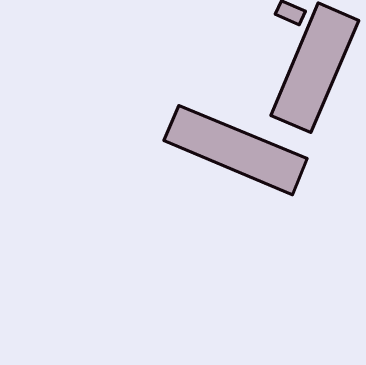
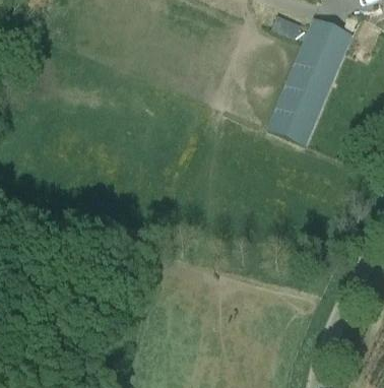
building: [164,105,307,195] -> none

